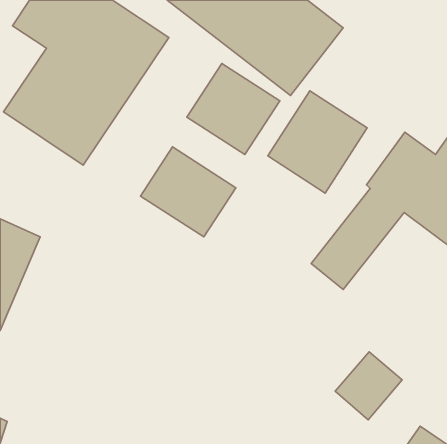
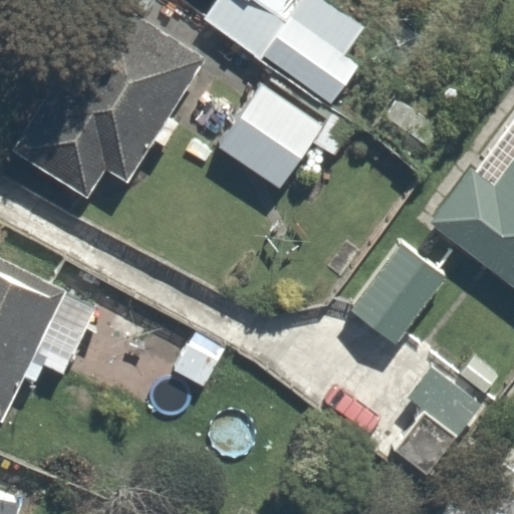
building: [268,91,367,193] -> none
building: [140,147,236,237] -> none

